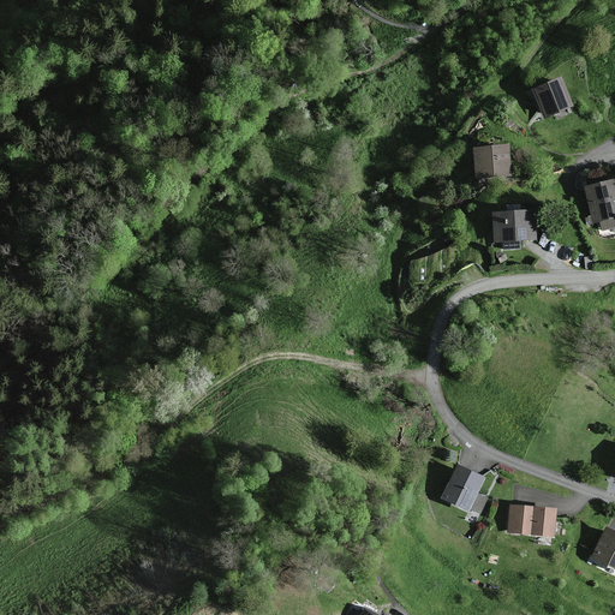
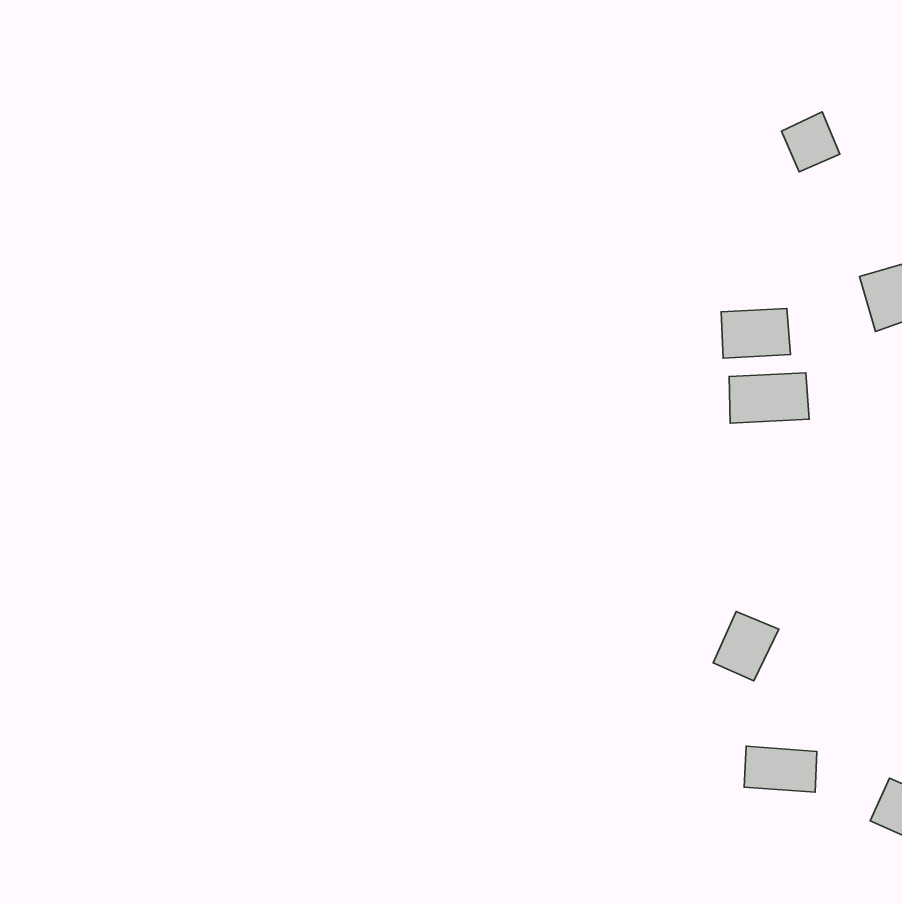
building: [472,143,512,177] -> none
building: none -> [729,373,809,423]
building: [442,465,486,512] -> [713,612,779,681]

